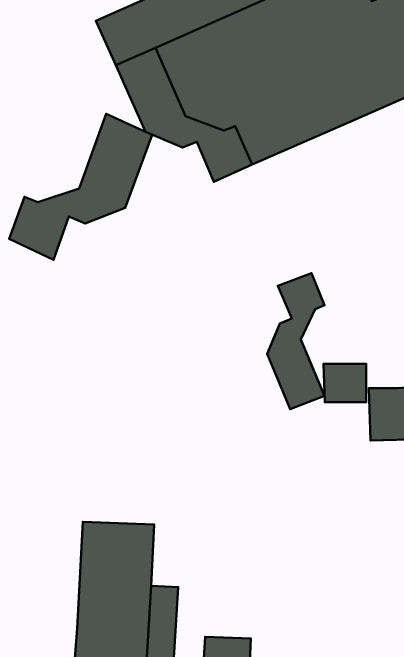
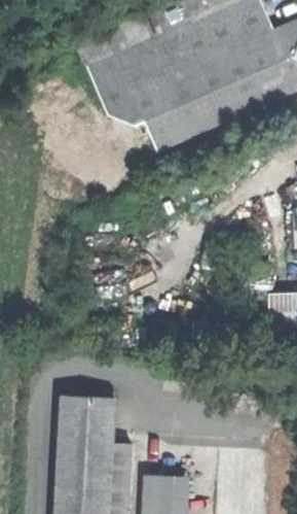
building: [9,114,152,260] -> none
building: [267,273,325,409] -> none

